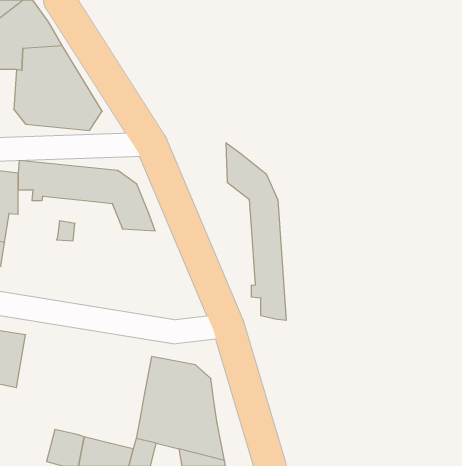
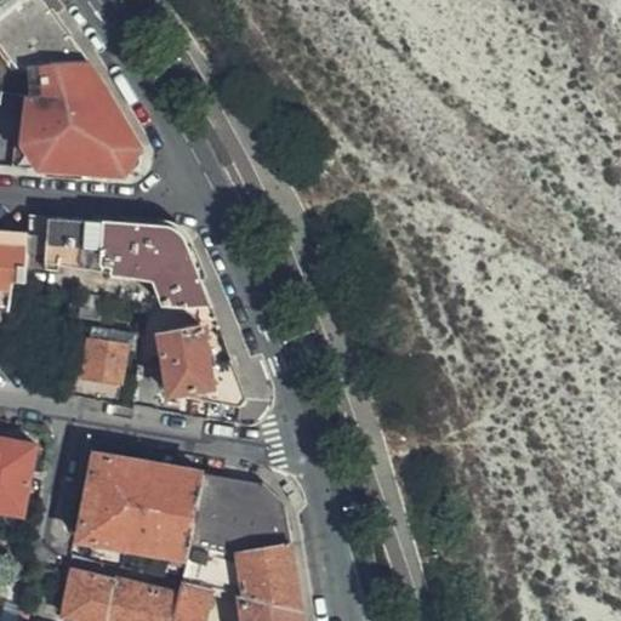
building: [226,143,286,320] -> none
building: none -> [81,327,132,383]
building: none -> [156,329,241,425]
building: none -> [80,456,201,558]

